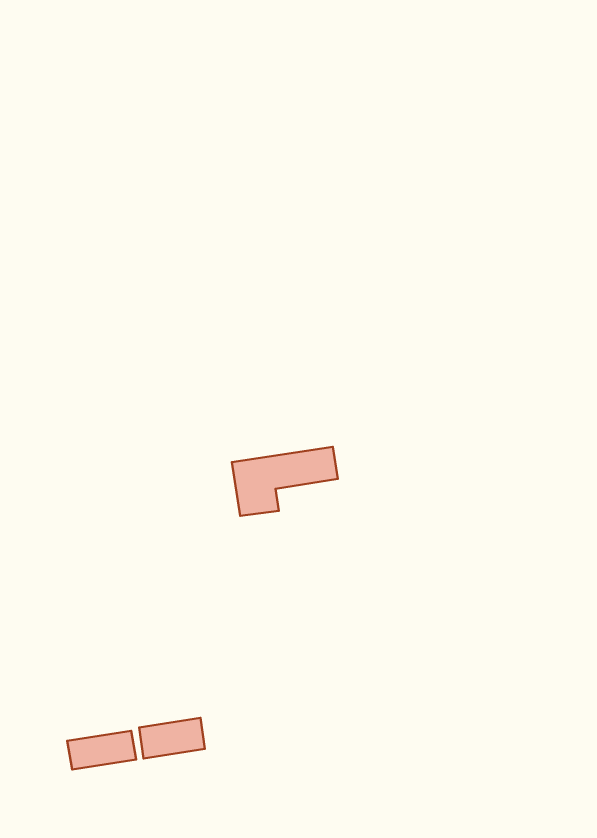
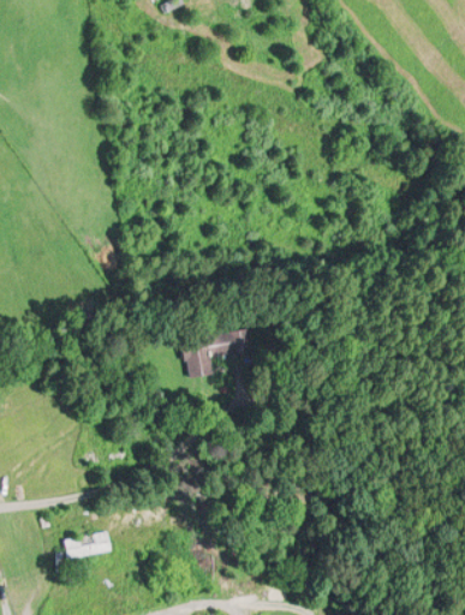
building: [139,718,205,758] -> none

